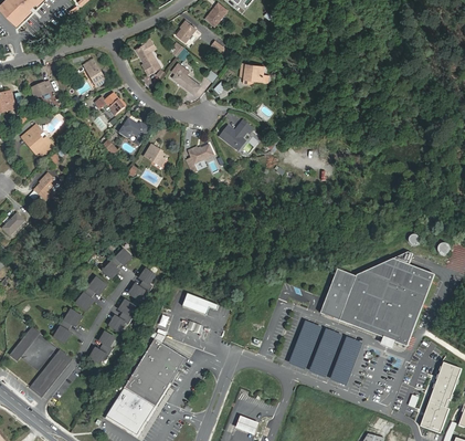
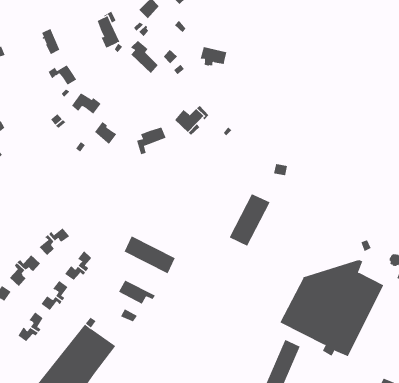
building: none -> [124,235,175,274]
building: [320,269,357,319] -> [229,194,270,246]
building: [290,319,319,368] -> none
building: [318,327,340,360] -> none

